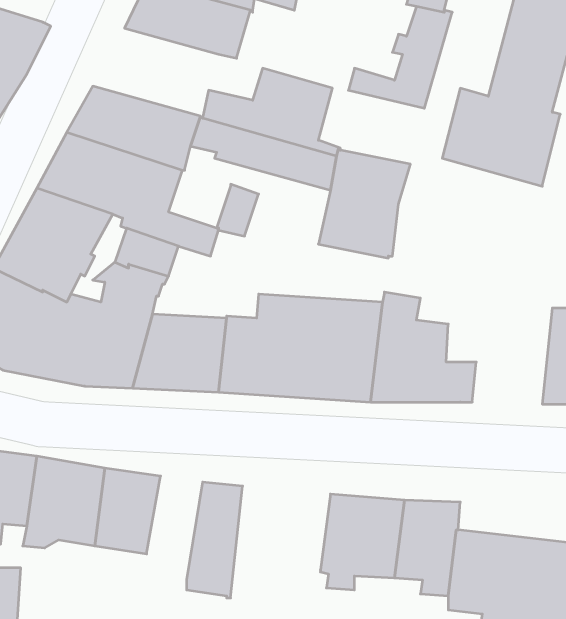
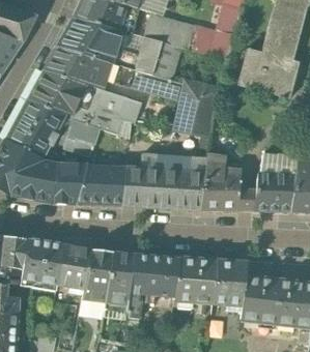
building: none -> [144,12,195,49]
building: none -> [56,17,121,63]
building: none -> [95,90,128,120]
building: none -> [253,153,297,211]
building: none -> [82,248,113,302]
building: none -> [128,254,179,318]

